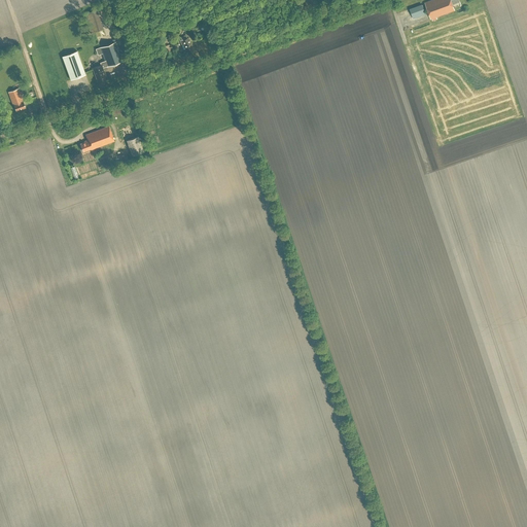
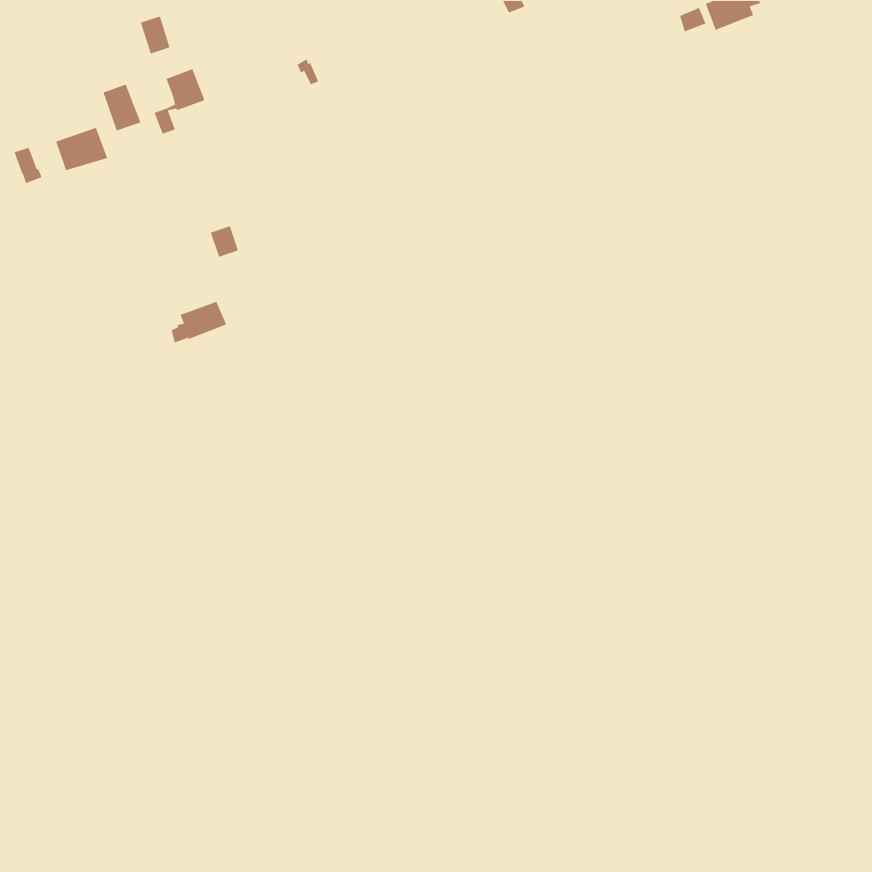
building: none -> [55,127,108,171]
building: [80,126,114,151] -> [171,301,227,344]

